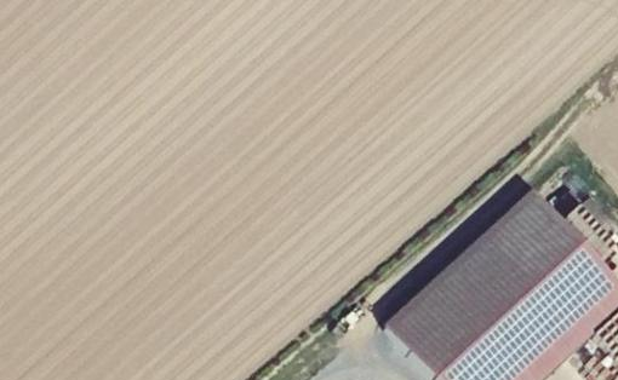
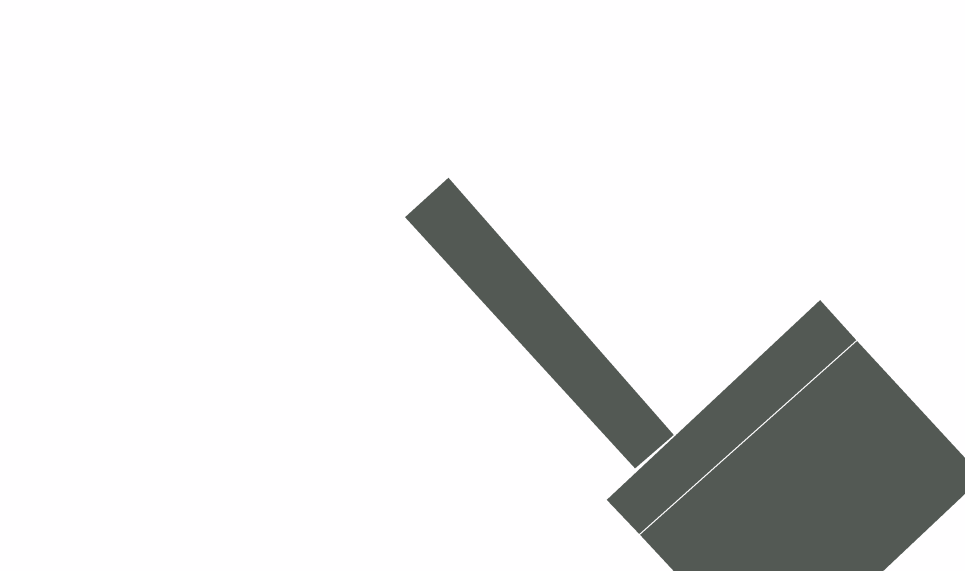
building: none -> [404,177,675,470]

